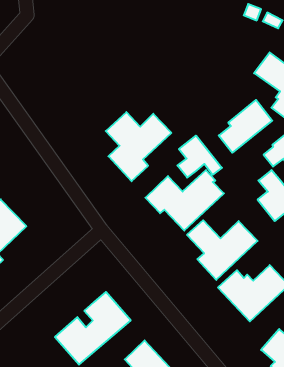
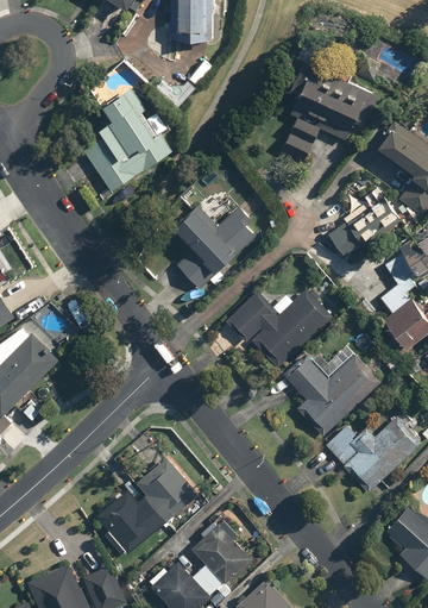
building: none -> [283,61,379,159]
building: none -> [76,88,170,192]
building: [177,136,222,178] -> none

